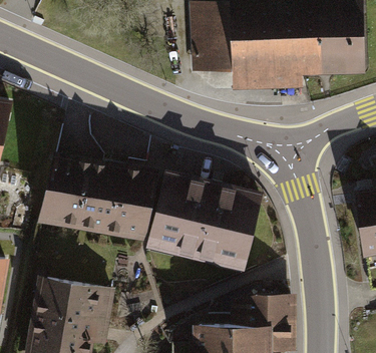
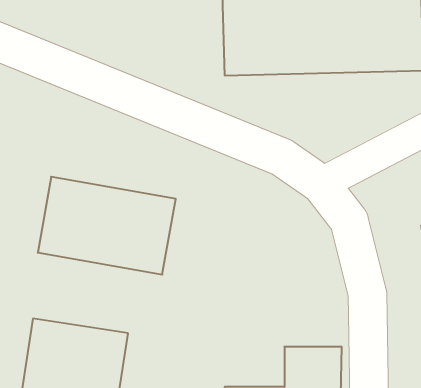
building: [146,179,260,270] -> none

